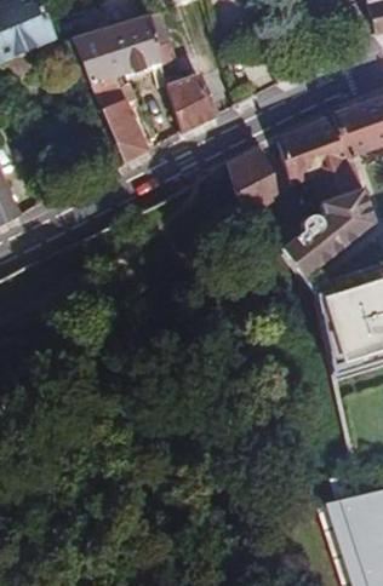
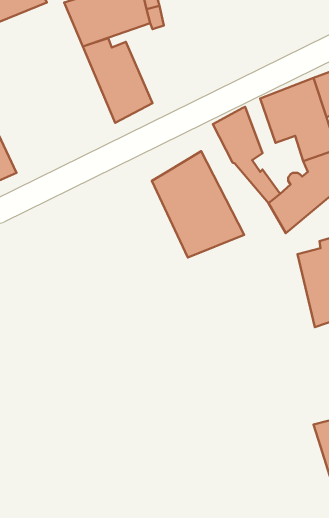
building: [166,71,217,133] -> none
building: none -> [152,151,244,257]

